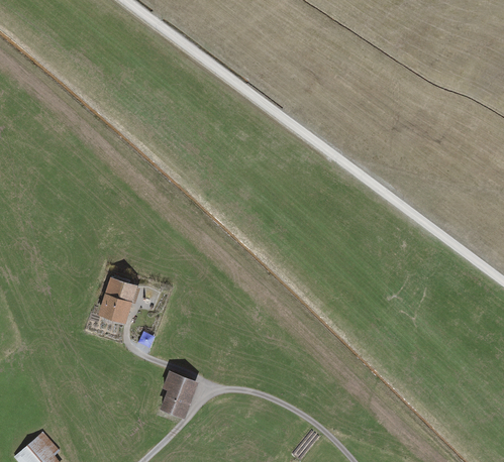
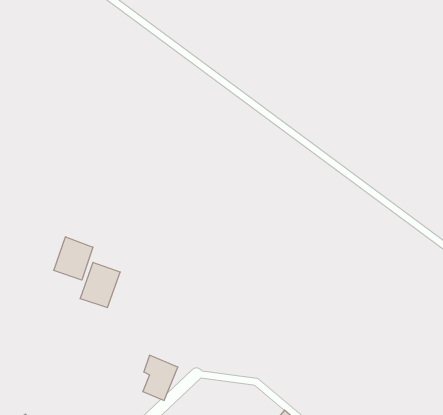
building: none -> [54,237,93,280]

